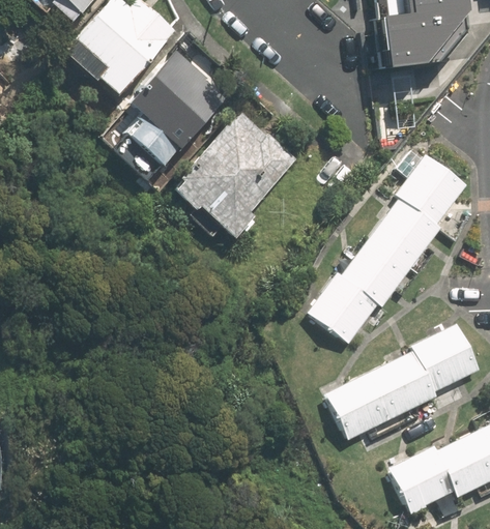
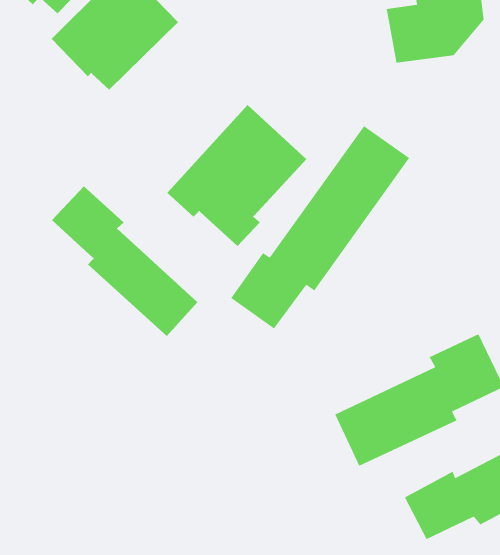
building: [110,48,231,184] -> none
building: [305,152,470,341] -> [230,125,410,330]
building: none -> [51,185,198,337]

